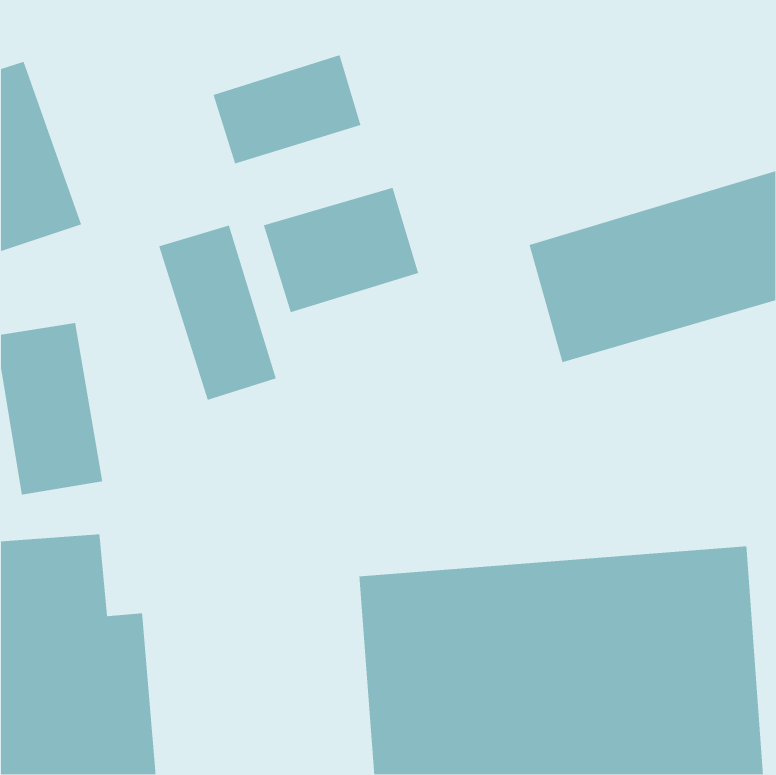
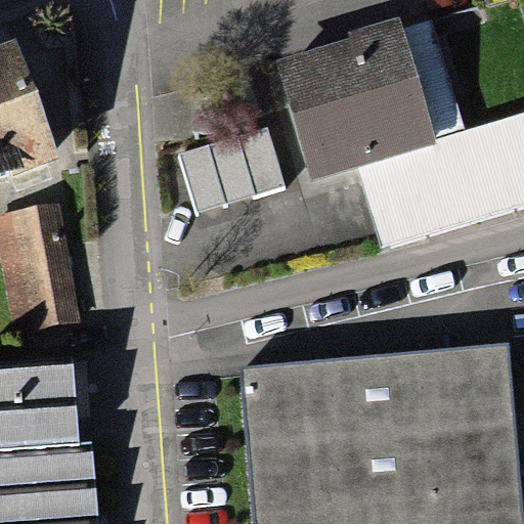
building: none -> [276,17,465,177]
building: [213,54,361,164] -> none
building: [158,224,277,401] -> none

